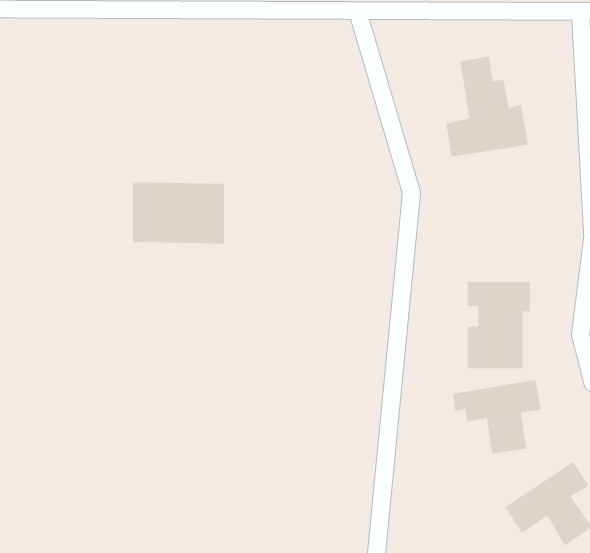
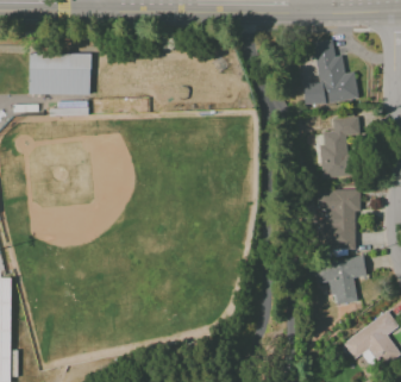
building: none -> [320,117,359,179]
building: [132,182,225,244] -> [29,54,90,95]

